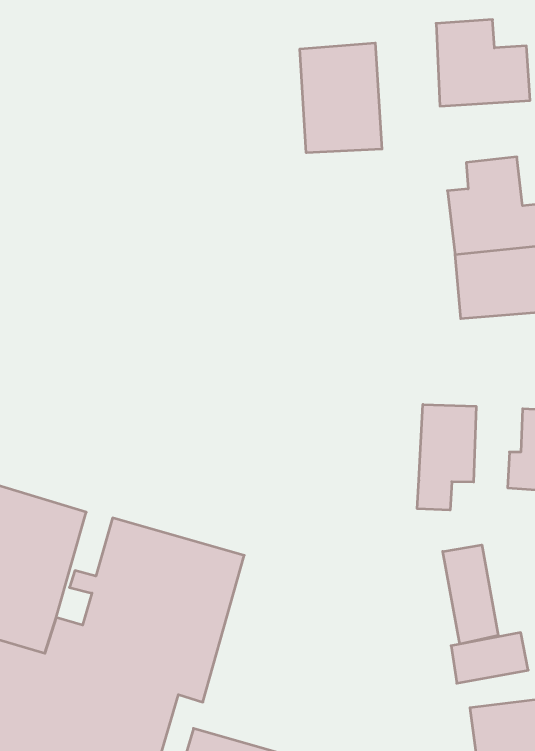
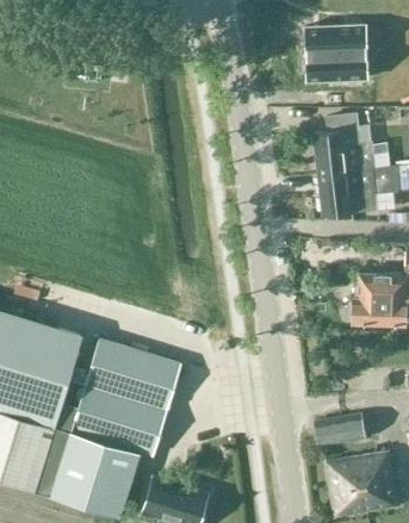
building: [300,43,382,153] -> none
building: [417,404,476,510] -> none
building: [443,545,498,644] -> none

